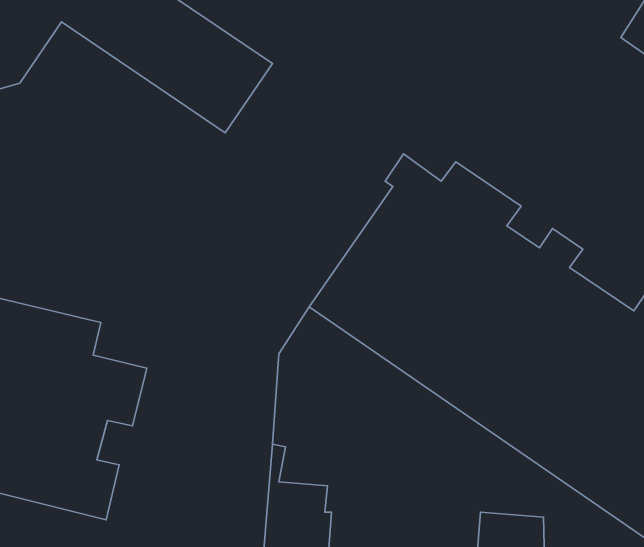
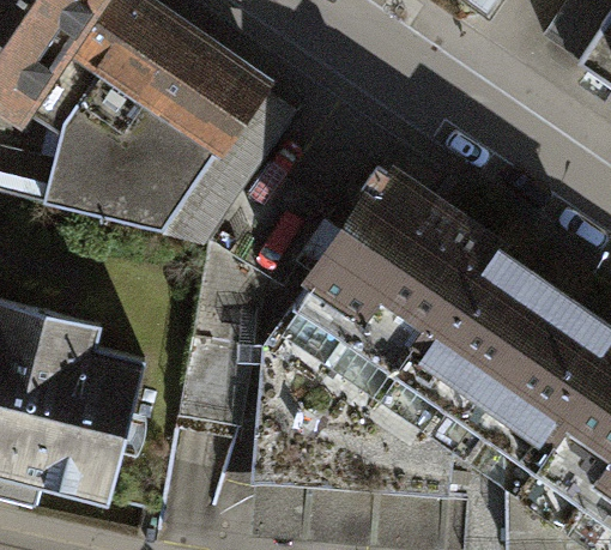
building: none -> [29,47,252,238]

